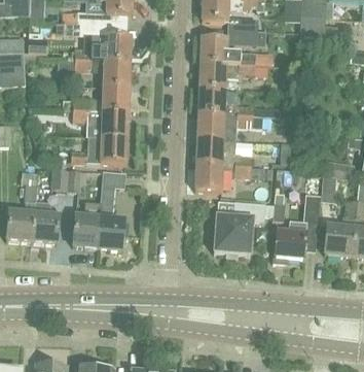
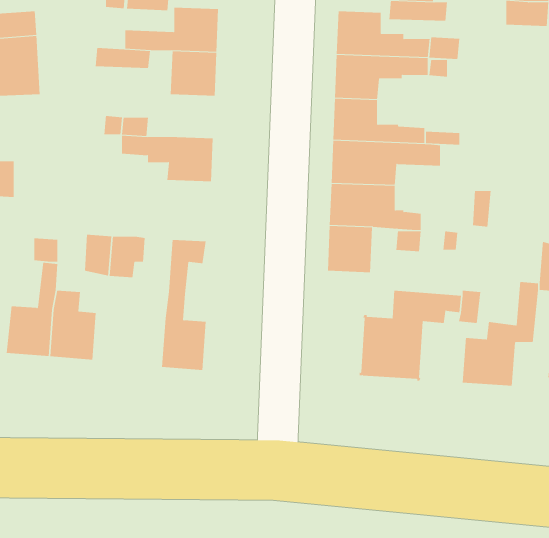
building: [102,86,130,111] -> none
building: [71,136,128,163] -> none
building: [73,201,102,246] -> none

